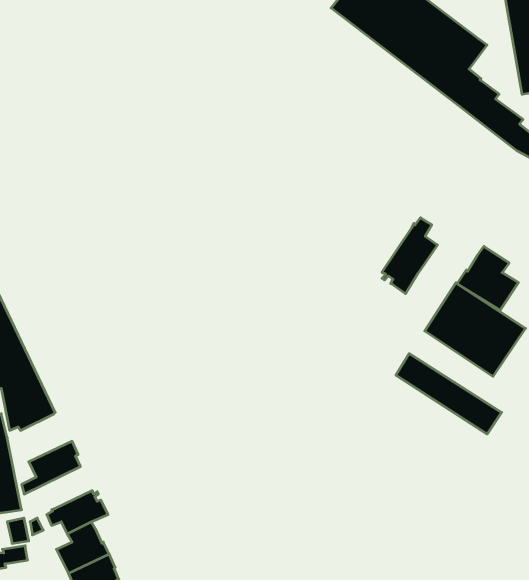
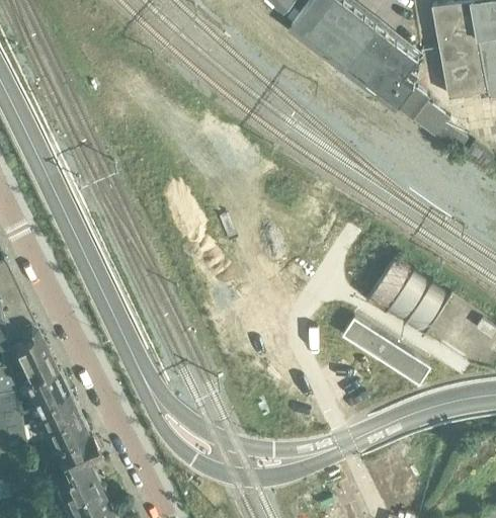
building: [382,218,437,294] -> none
building: [457,246,518,310] -> none
building: none -> [16,366,69,407]
building: none -> [28,411,87,447]

